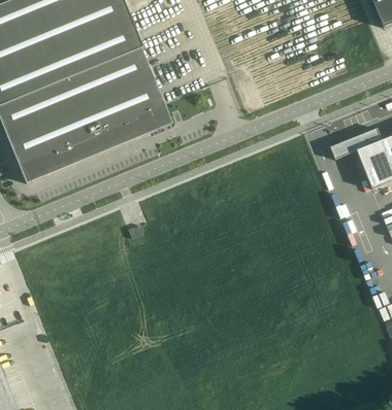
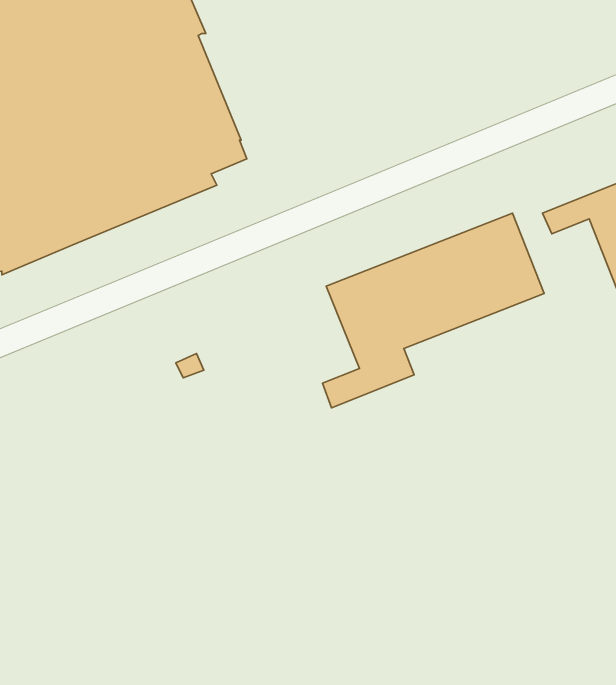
building: none -> [323,213,544,408]

